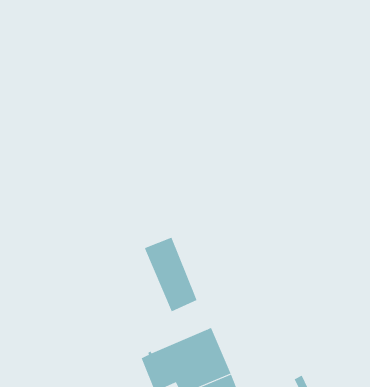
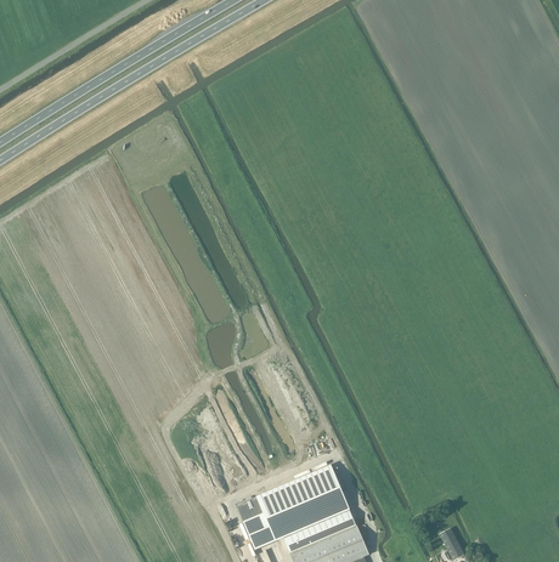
building: [144,236,197,312] -> none

